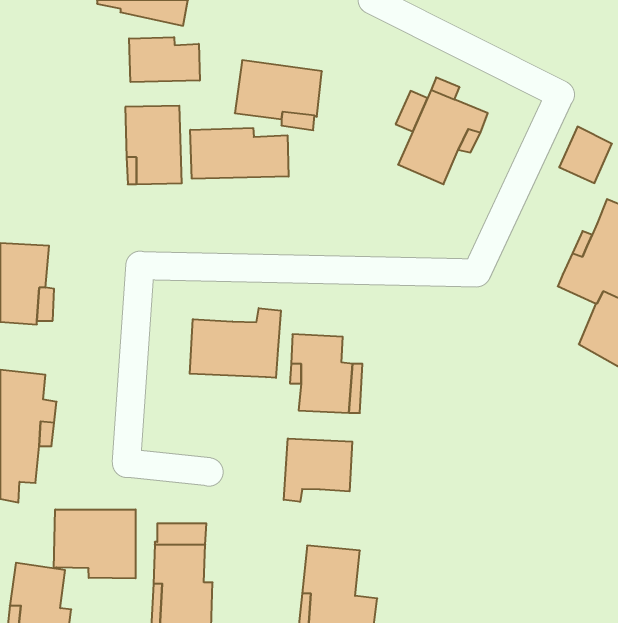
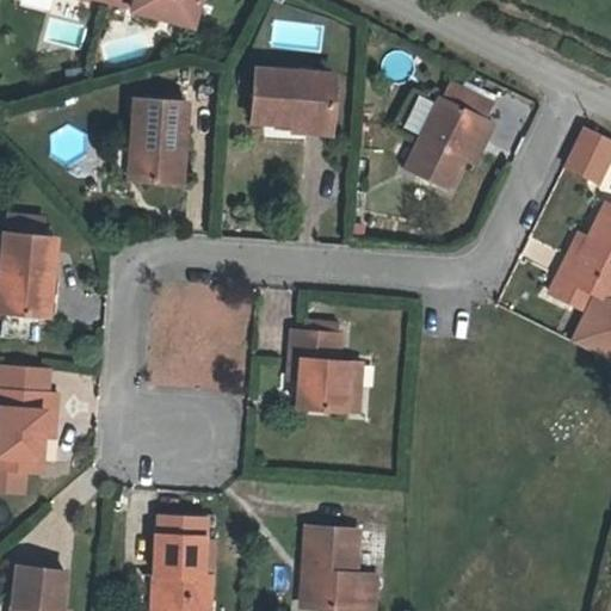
building: [129,37,200,82] -> none
building: [190,128,289,179] -> none
building: [190,308,281,378] -> none
building: [284,438,352,502] -> none
building: [54,509,136,578] -> none

